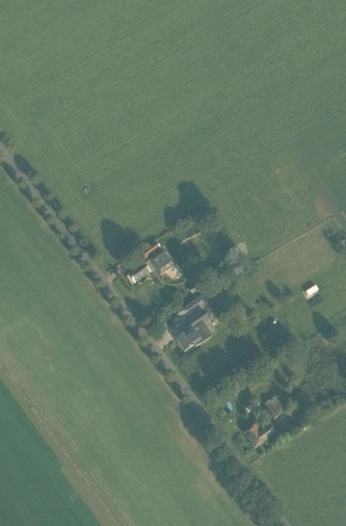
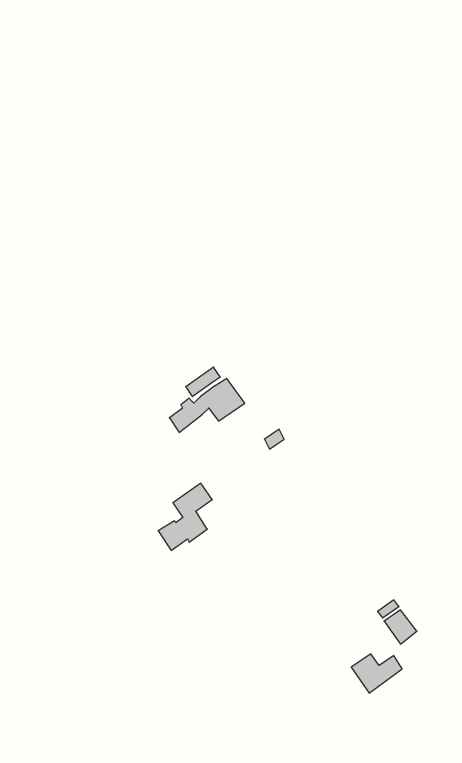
building: [176,308,210,350] -> [158,483,212,550]

